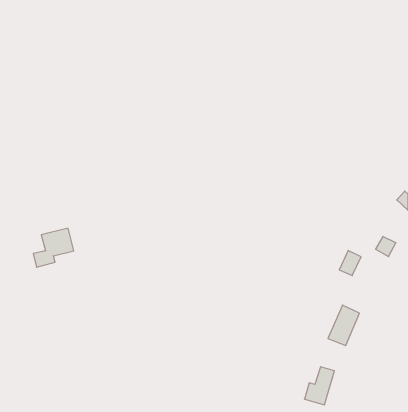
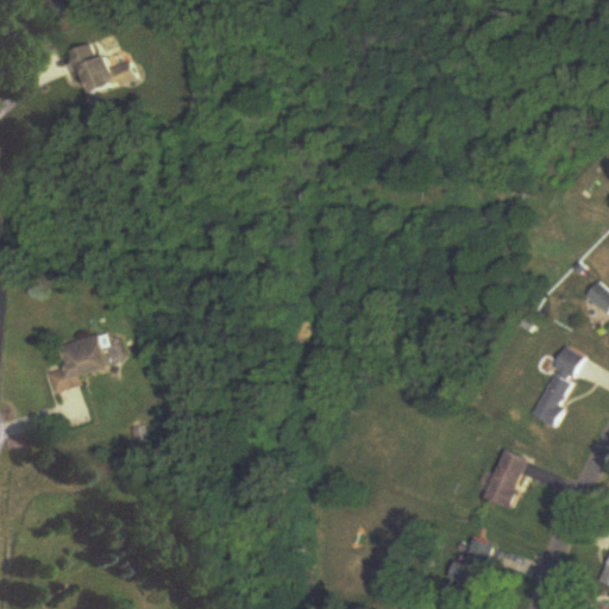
building: none -> [70,45,133,94]
building: [339,250,361,276] -> [530,385,563,422]

